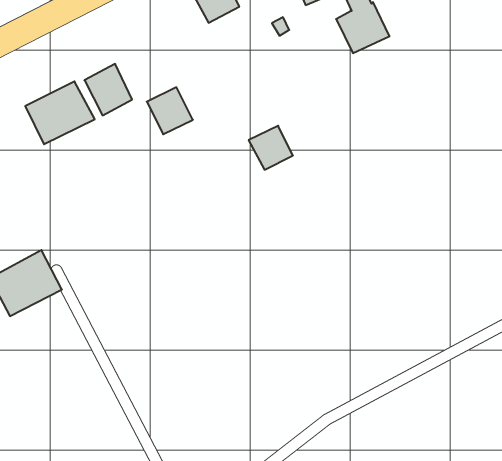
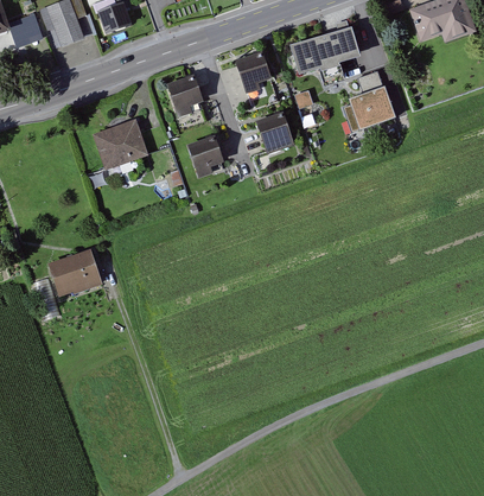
building: [84,64,132,115] -> [168,75,204,114]
building: [249,126,293,170] -> [257,113,291,146]

